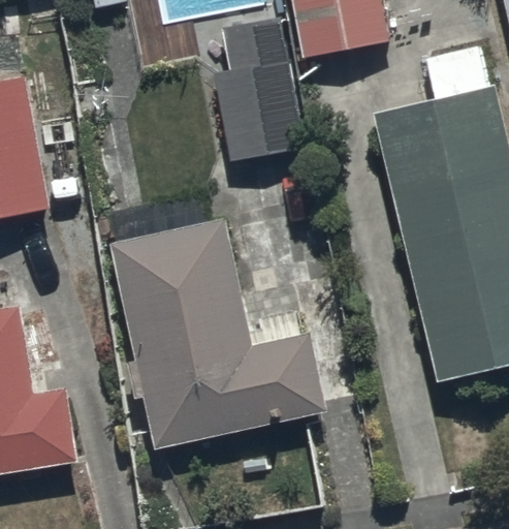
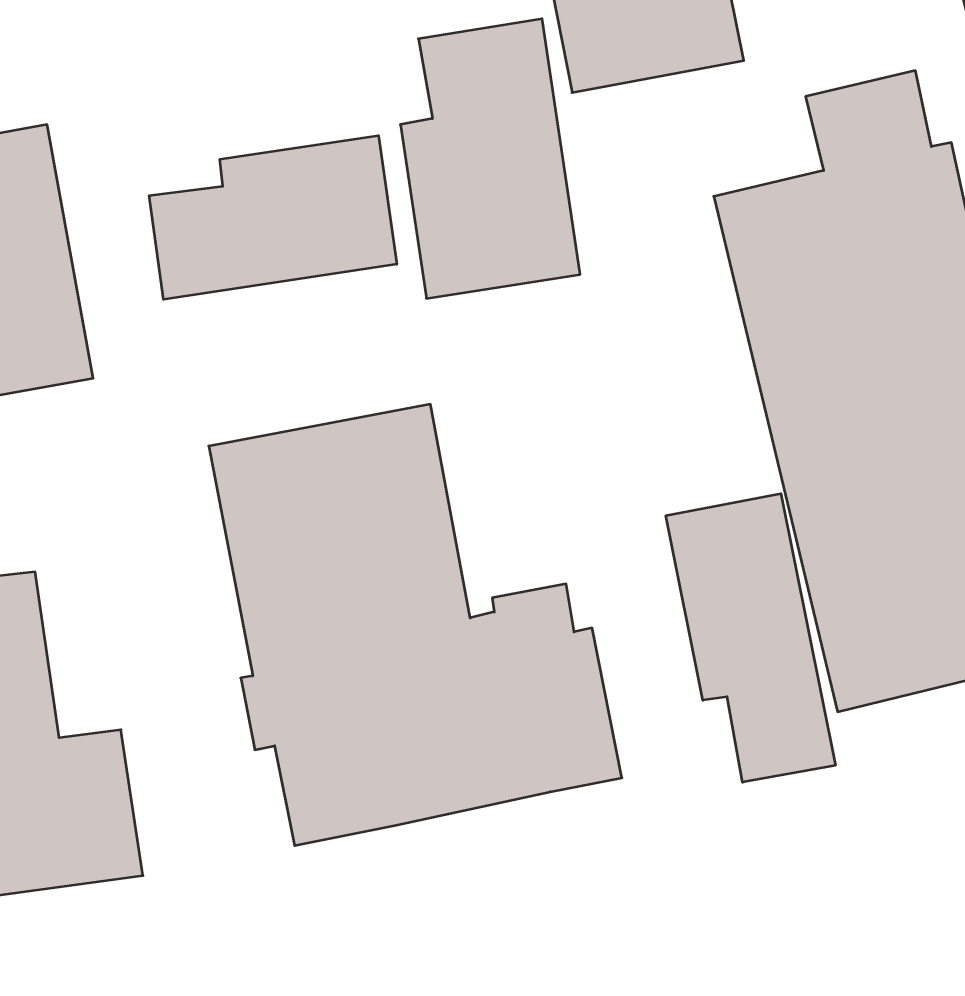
building: none -> [149,136,397,299]
building: none -> [666,494,835,782]

